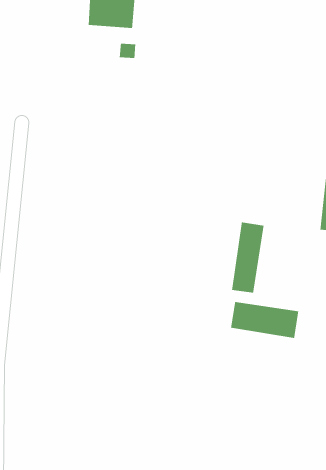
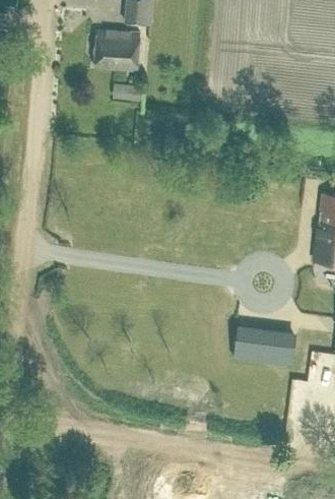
building: [231,221,265,294] -> none

